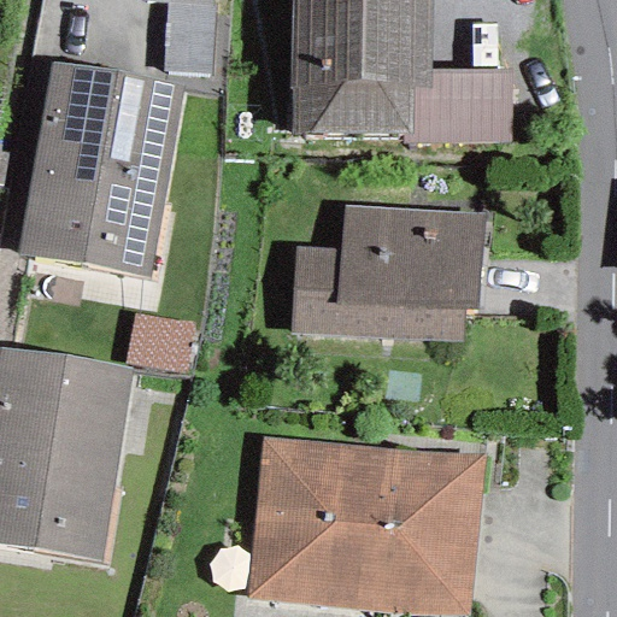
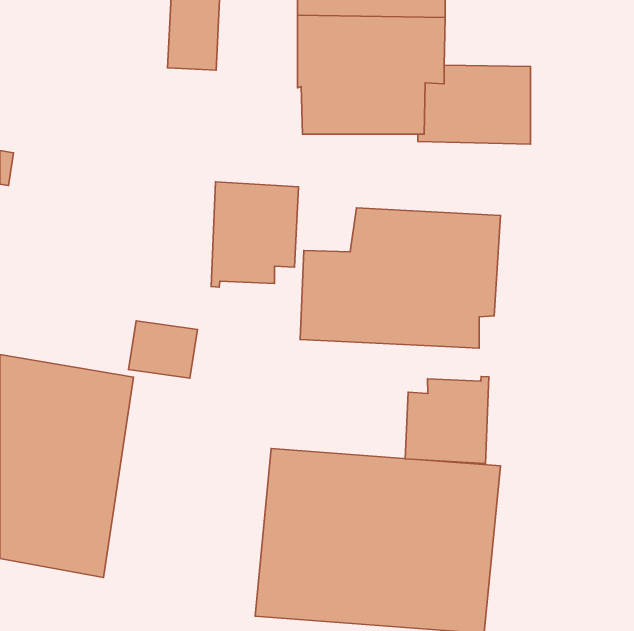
building: [17,60,184,276] -> none
building: none -> [211,182,298,287]
building: none -> [405,376,489,463]

